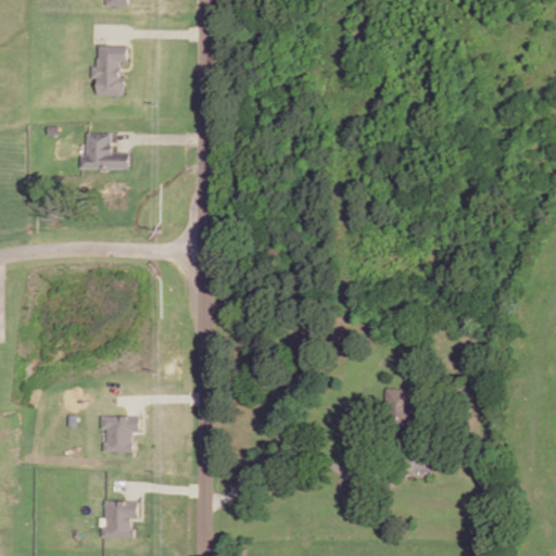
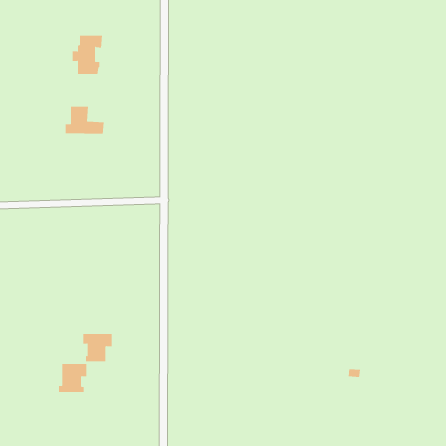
building: [382,390,409,425] -> none
building: [101,502,137,538] -> [58,364,87,393]

